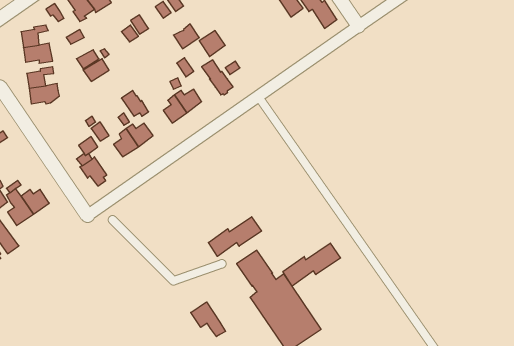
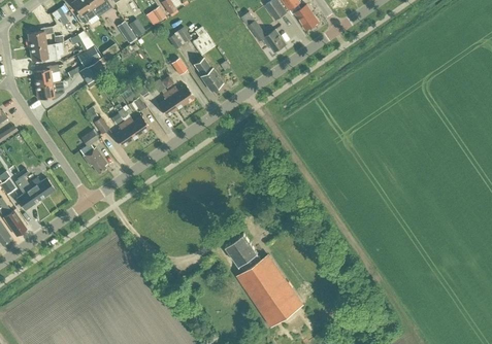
building: none -> [248,19,286,51]
building: [208,217,262,256] -> none
building: [283,243,341,286] -> none
building: [191,302,226,337] -> none

